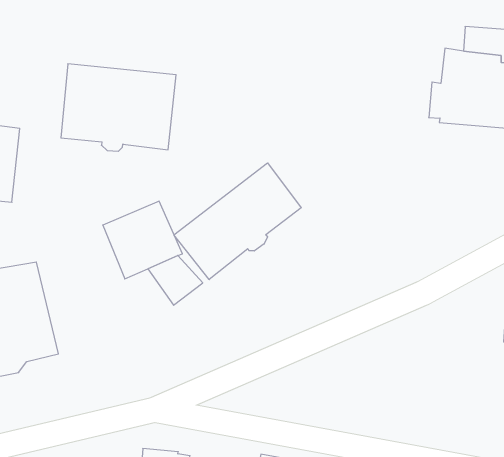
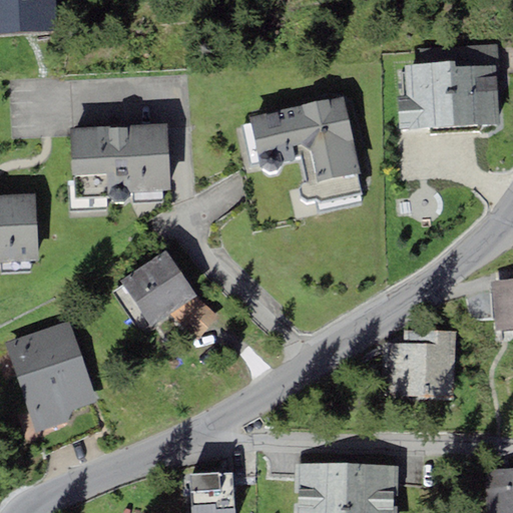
building: none -> [248,105,361,210]
building: [174,163,301,280] -> none
building: none -> [381,328,454,396]

